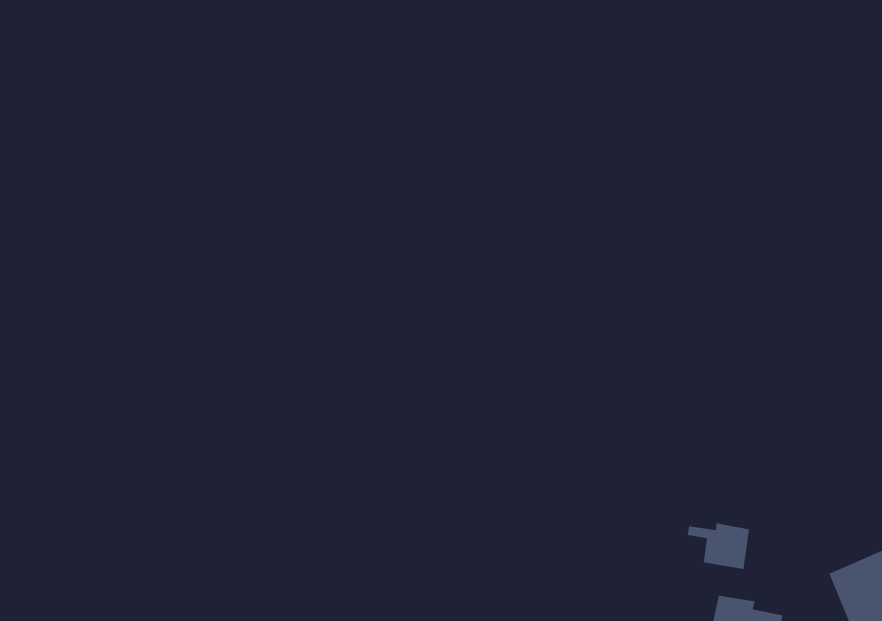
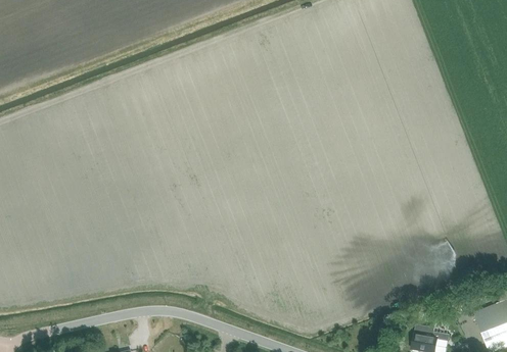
building: [687,523,749,570] -> none

